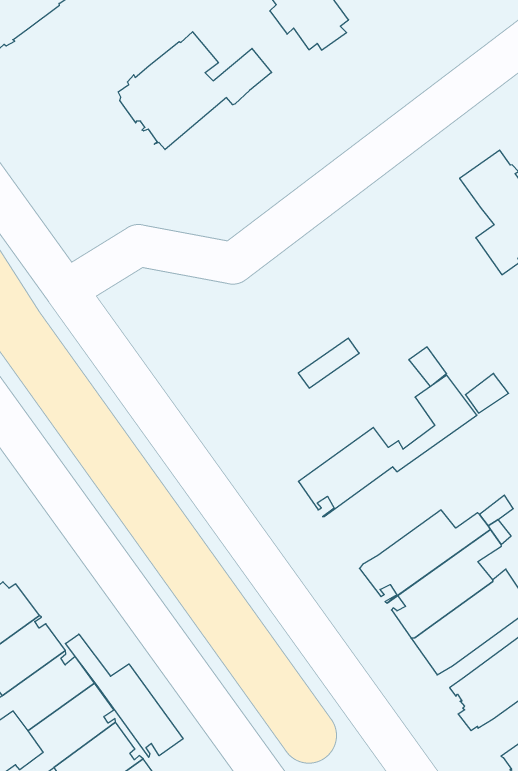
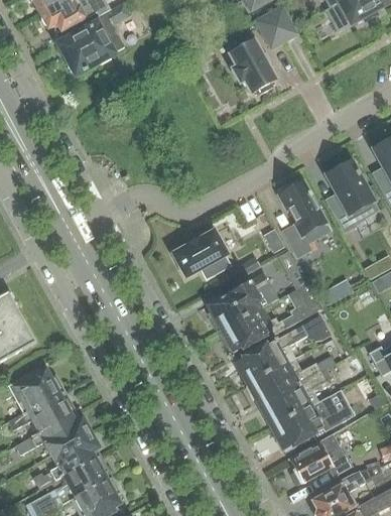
building: [118,32,272,150] -> none
building: none -> [279,180,329,256]
building: none -> [172,230,230,278]
building: none -> [207,273,277,333]
building: none -> [233,314,330,385]
building: [65,634,183,757] -> none

